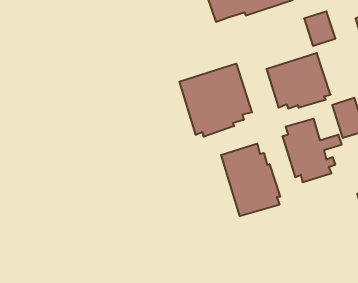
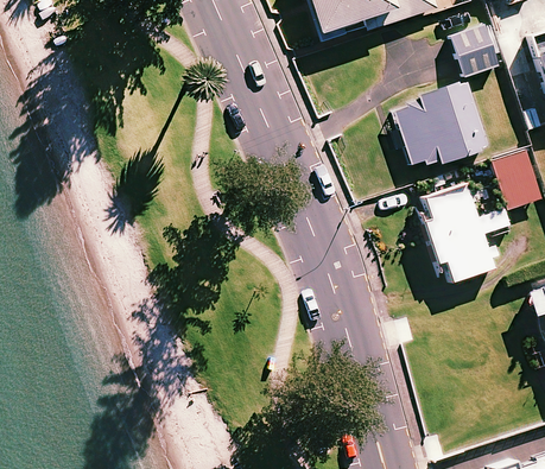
building: [179,64,252,137] -> none
building: [221,144,280,216] -> none

